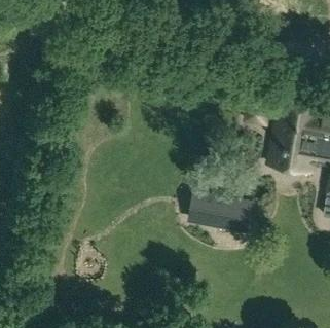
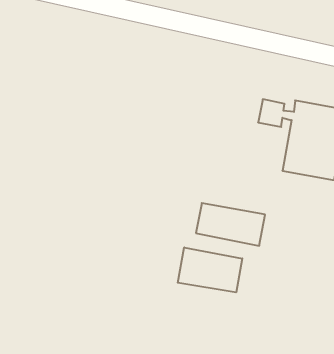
building: none -> [178,247,242,292]

